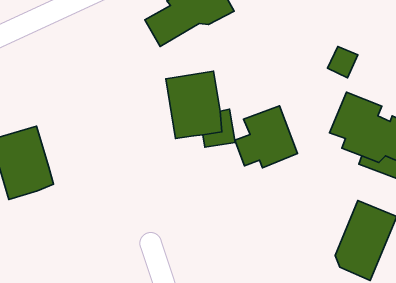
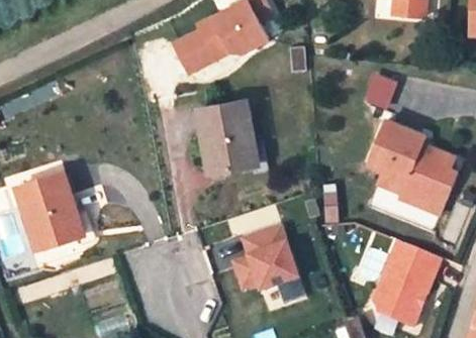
building: [235,106,298,168] -> [227,224,294,290]
building: none -> [50,198,86,243]

